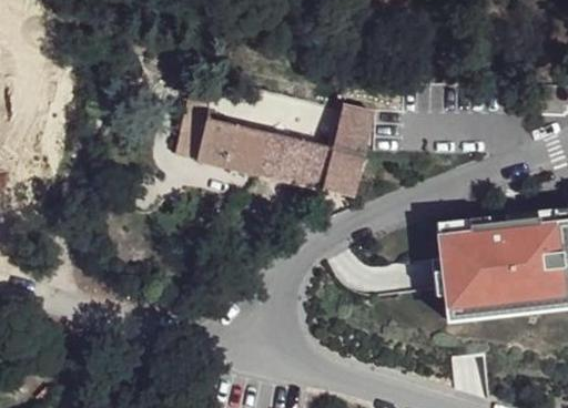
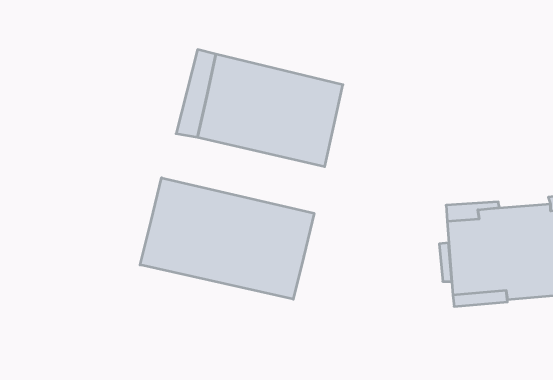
building: [322,109,374,195] -> none
building: none -> [140,178,314,299]

